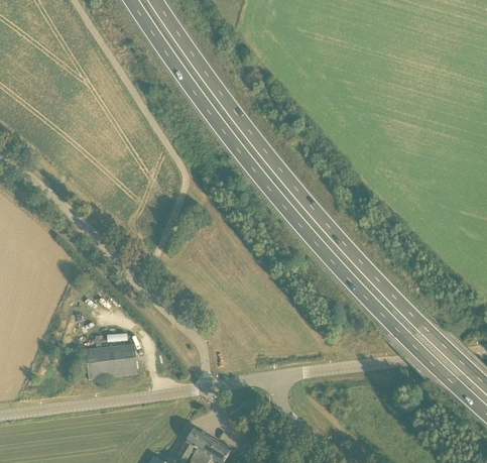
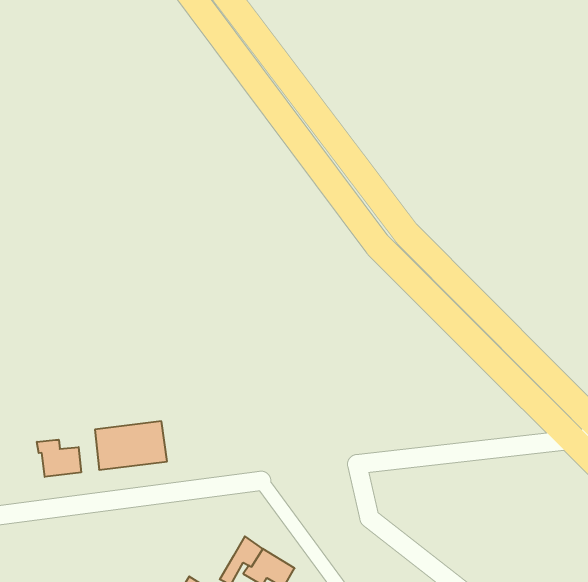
building: none -> [37,440,81,477]

